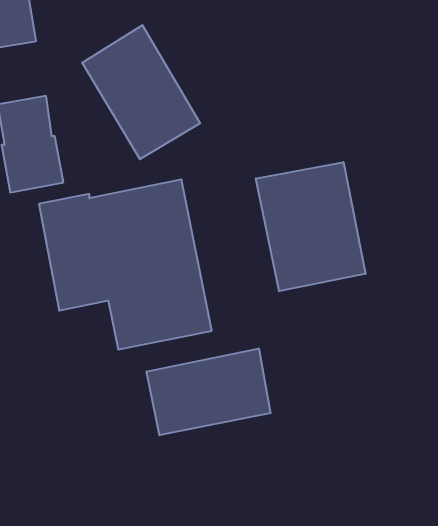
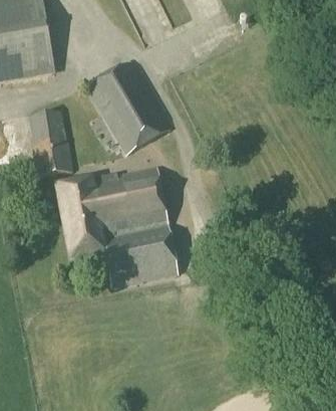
building: [256,162,366,291] -> none
building: [147,348,270,435] -> none

